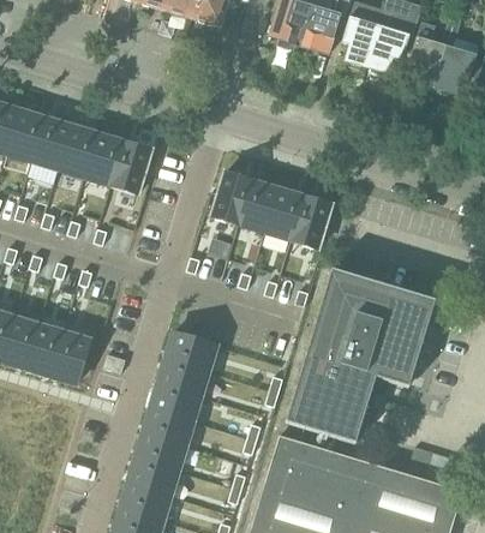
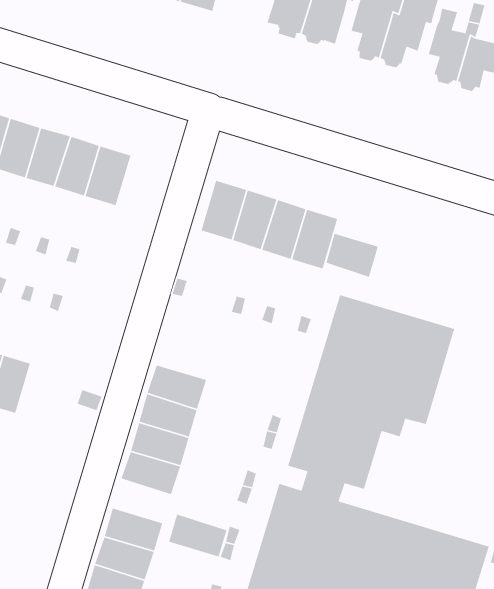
building: none -> [325,233,379,278]
building: [50,331,90,384] -> none
building: [134,432,186,471] -> [168,513,227,557]

